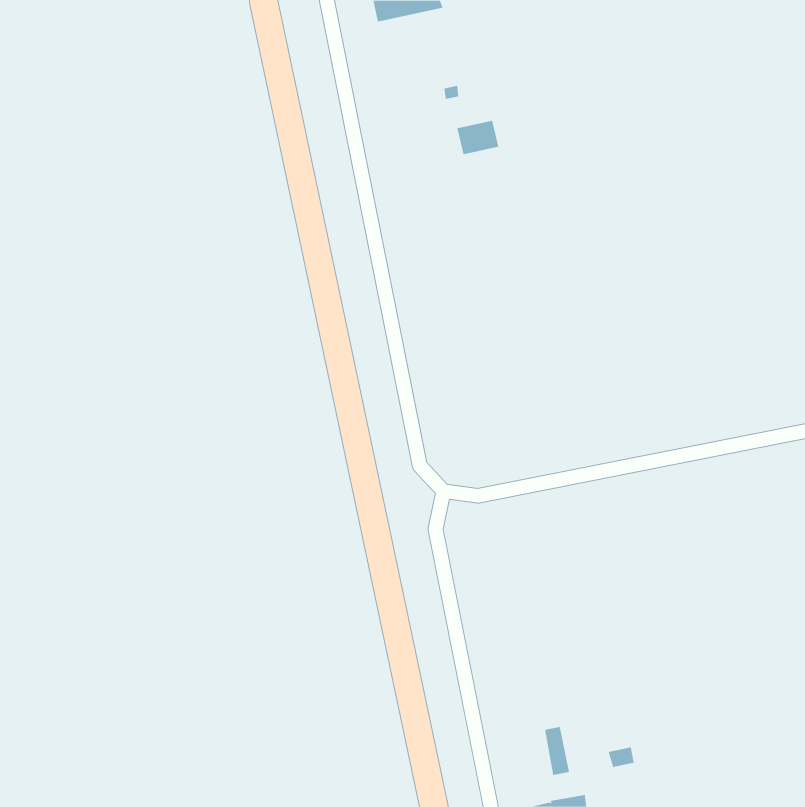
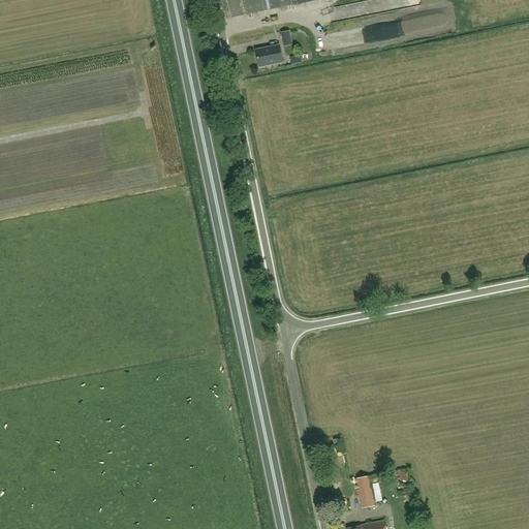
building: [457,120,499,155] -> [254,44,282,67]

